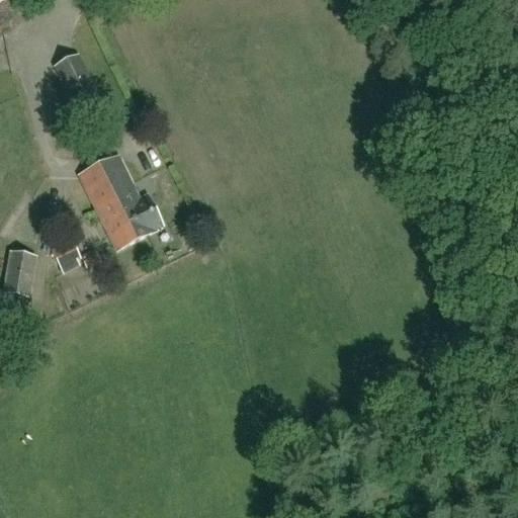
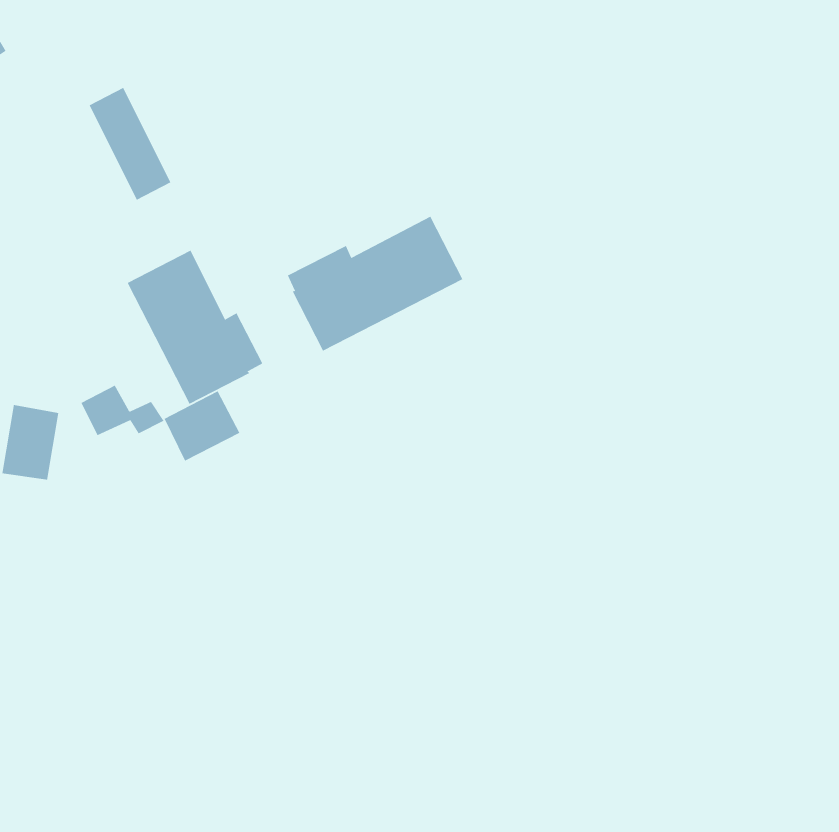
building: none -> [287,216,463,351]
building: none -> [164,391,240,462]

